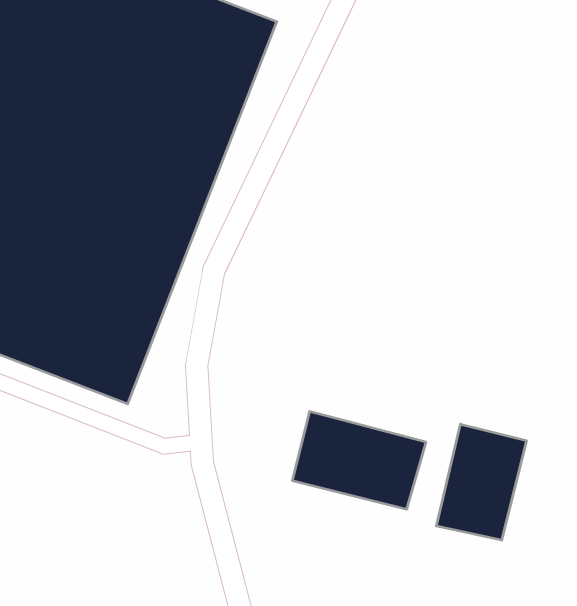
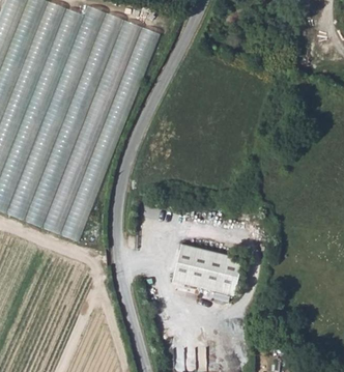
building: [436,424,526,540] -> none

